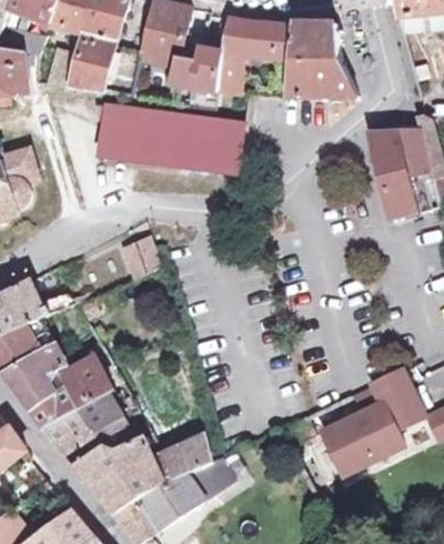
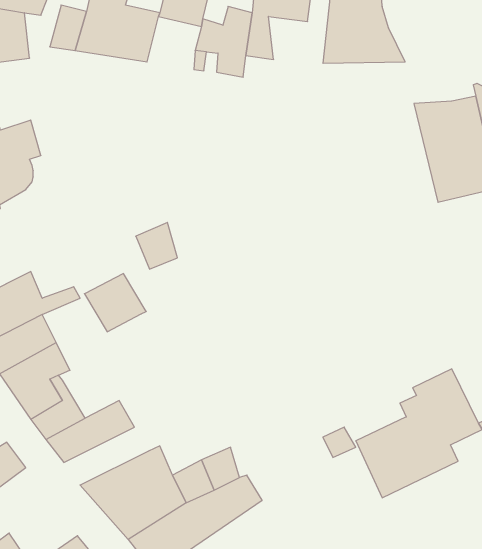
building: [98,104,242,173] -> none
building: [57,357,111,409] -> [84,274,146,332]
building: [58,416,132,467] -> none

